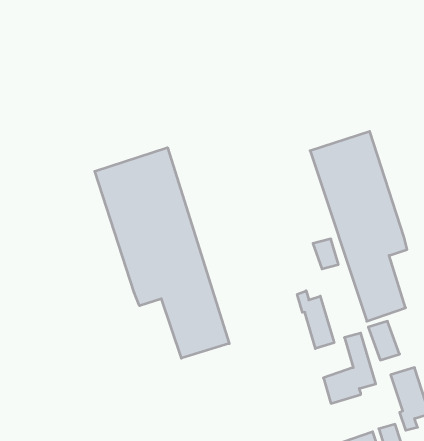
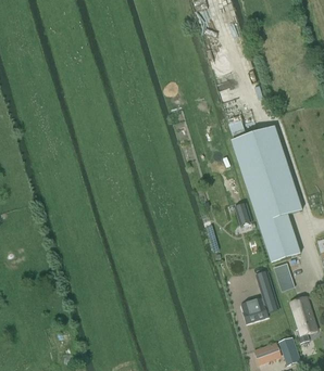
building: [95,148,229,358] -> none
building: [297,291,334,349] -> none

